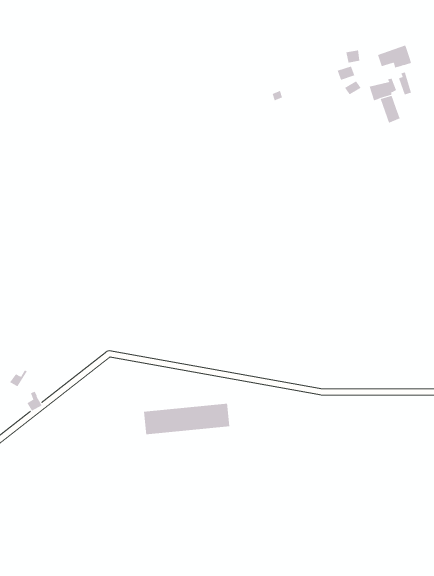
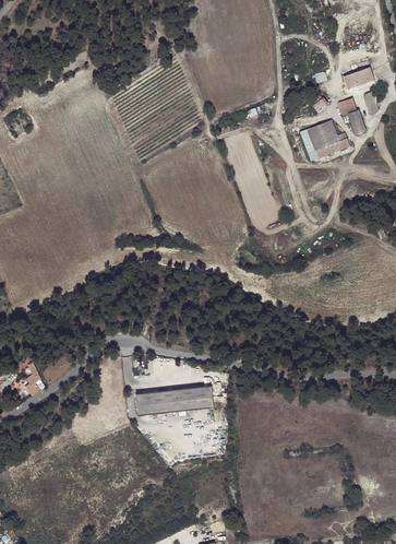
building: none -> [309,121,338,150]

